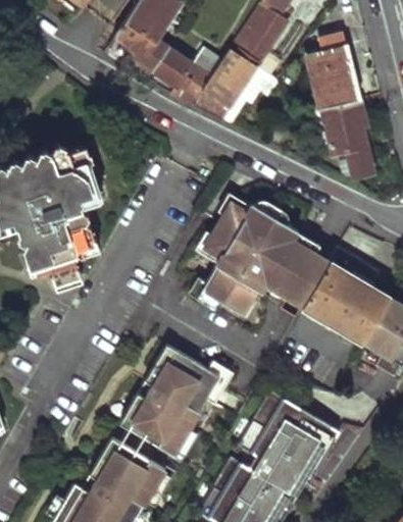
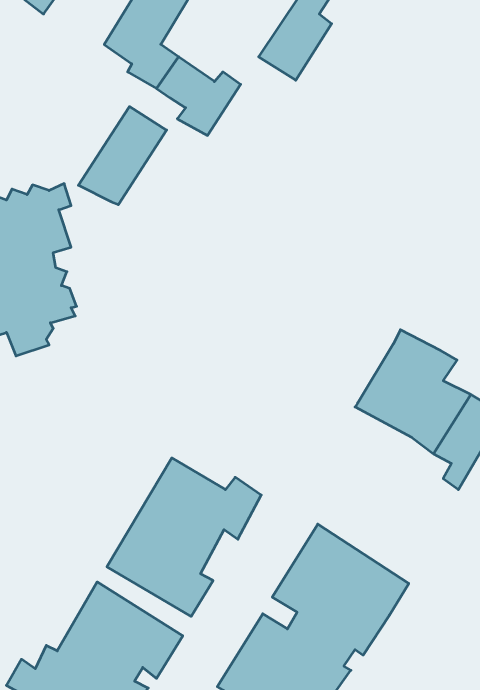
building: [306,36,370,180] -> none
building: [192,51,257,123] -> [78,107,167,205]
building: [201,204,330,318] -> none

